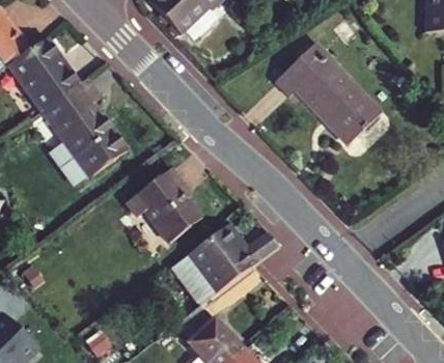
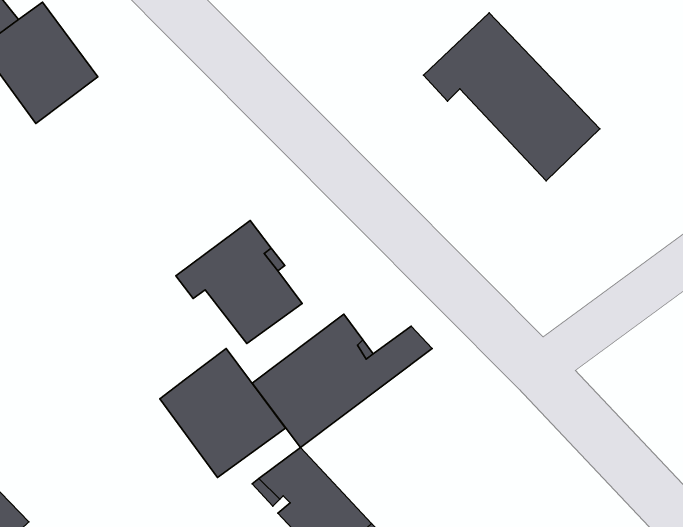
building: [43,77,128,185] -> none
building: none -> [160,349,286,478]

